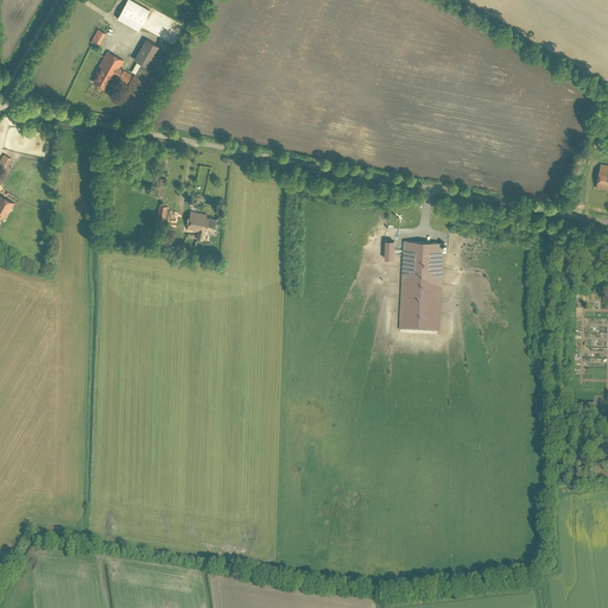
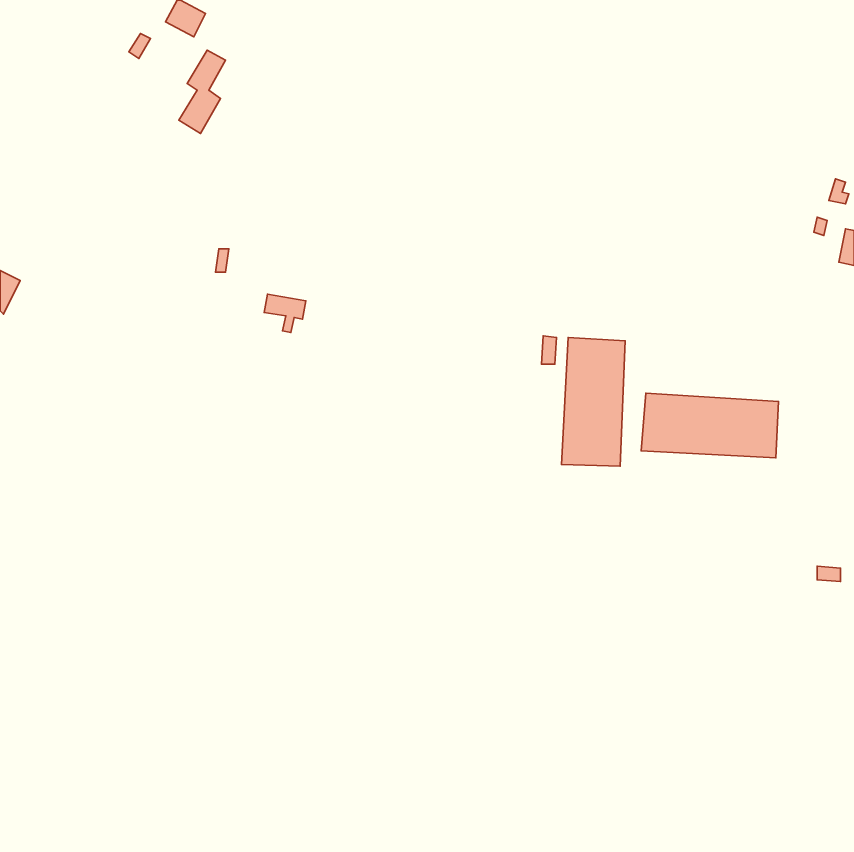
building: [90,53,128,89] -> none
building: none -> [641,393,779,458]

